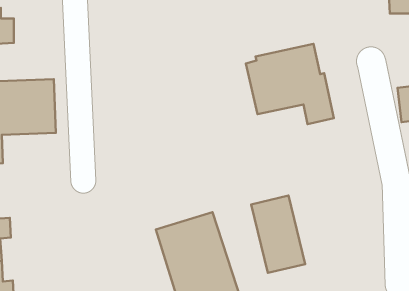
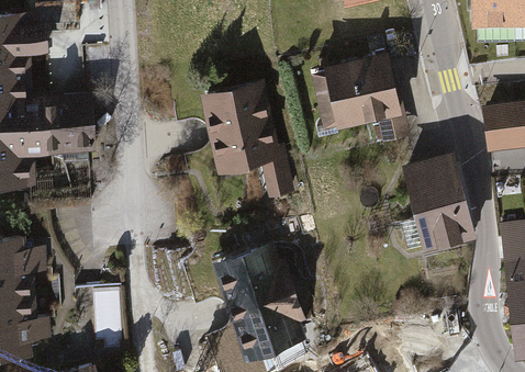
building: none -> [199,82,297,203]
building: [251,196,305,273] -> [405,156,466,243]

